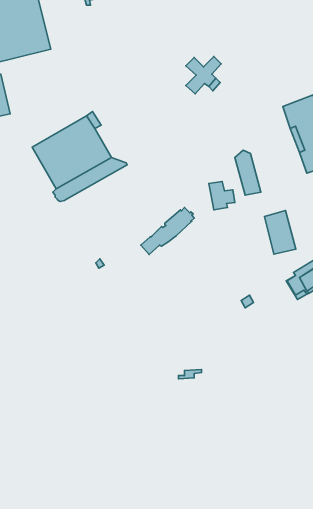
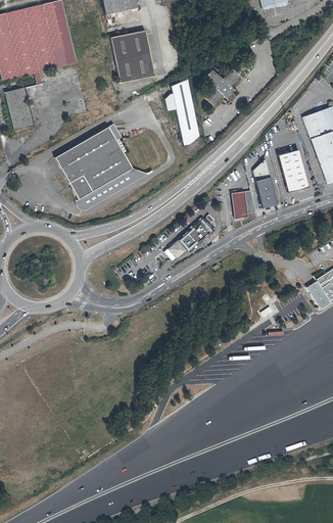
building: none -> [112,30,156,82]
building: none -> [165,79,200,145]
building: [265,210,296,254] -> [280,148,311,191]

